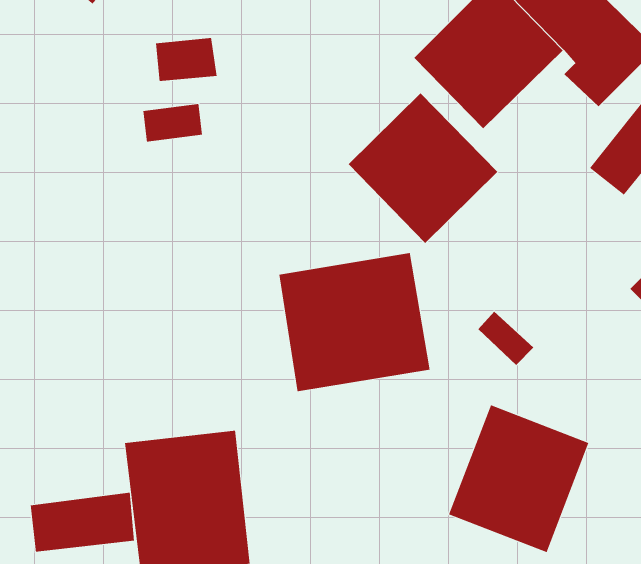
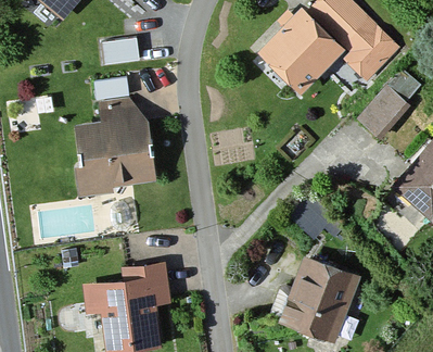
building: [348,92,498,244] -> none
building: [279,253,431,392] -> [71,112,161,194]
building: [30,492,135,553] -> none

